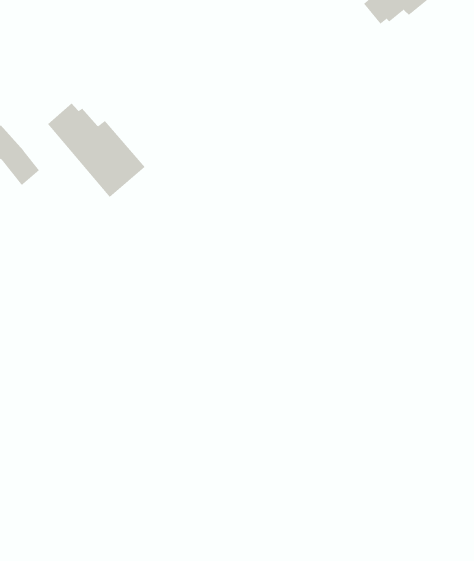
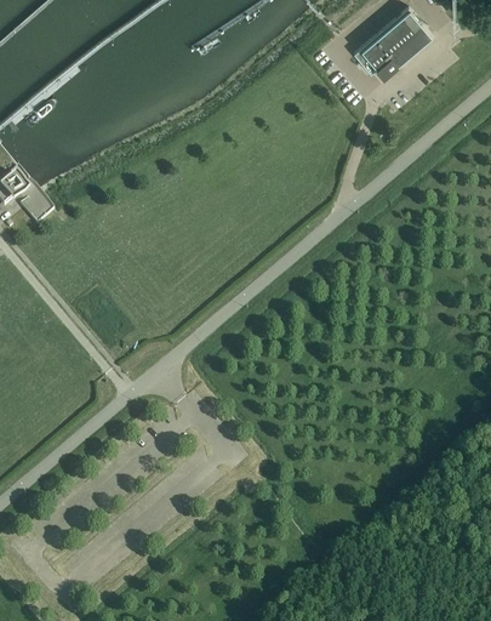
building: [47,102,145,198] -> none

